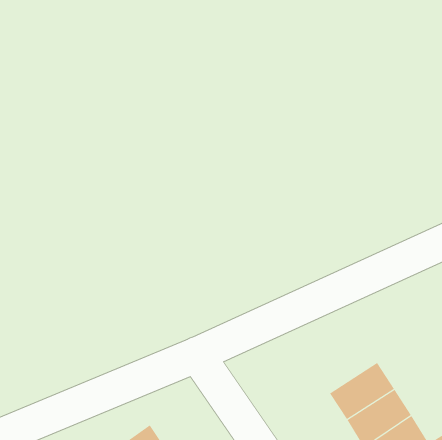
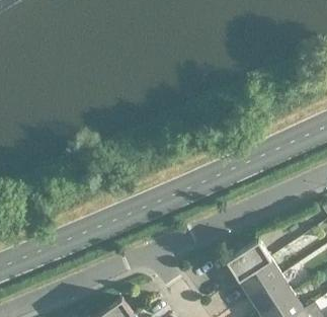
building: none -> [226,239,269,278]

